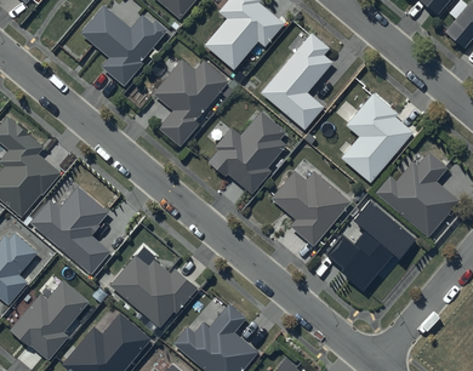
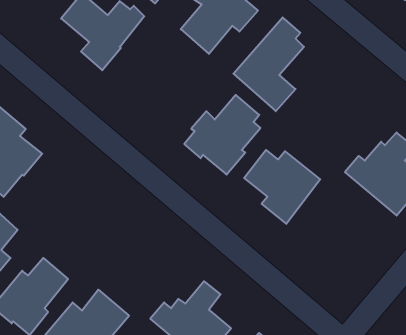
building: [150,56,228,144] -> none
building: [341,91,414,181] -> none
building: [29,186,109,273] -> none
building: [326,200,416,291] -> none
building: [109,253,198,327] -> none

